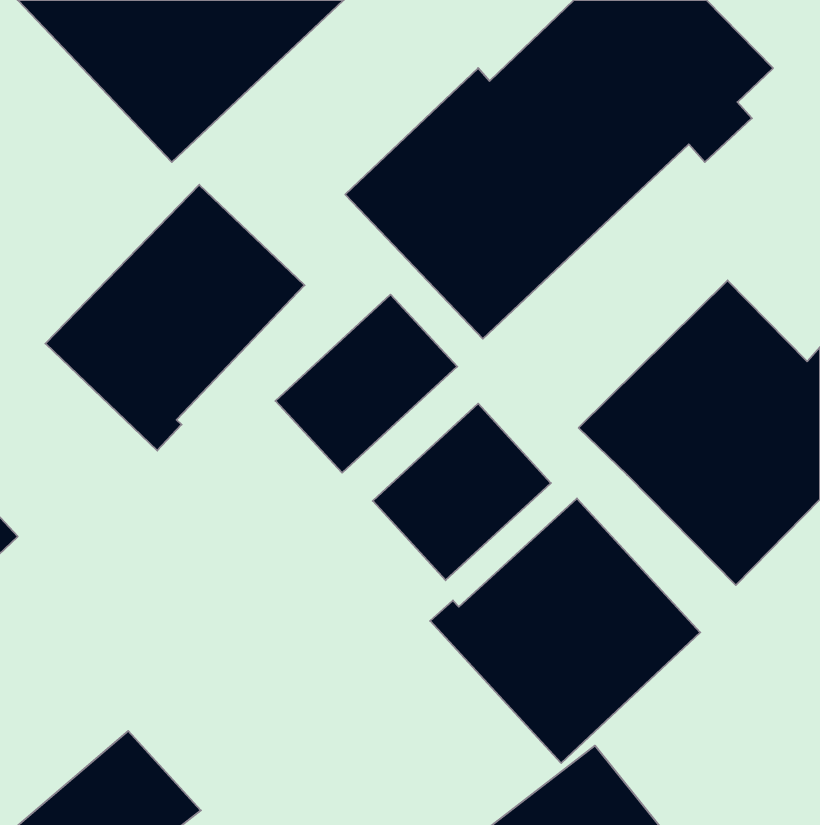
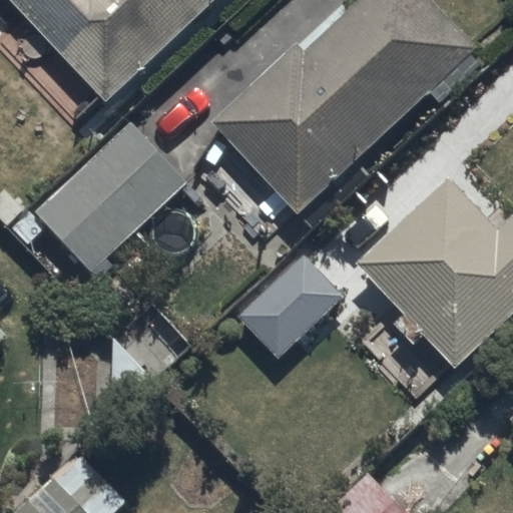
building: [275,295,457,473] -> none
building: [430,498,700,763] -> none

